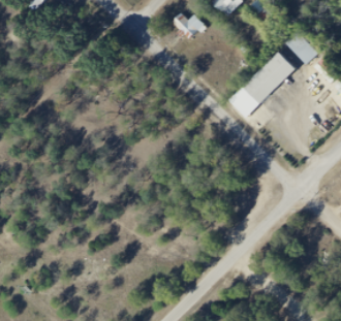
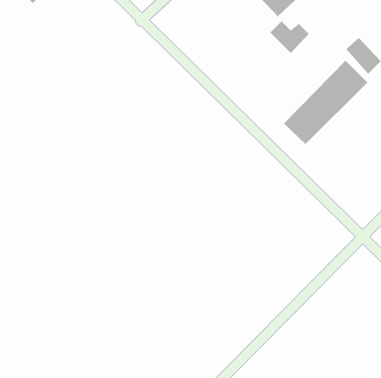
building: [172,11,203,37] -> [270,20,309,54]

